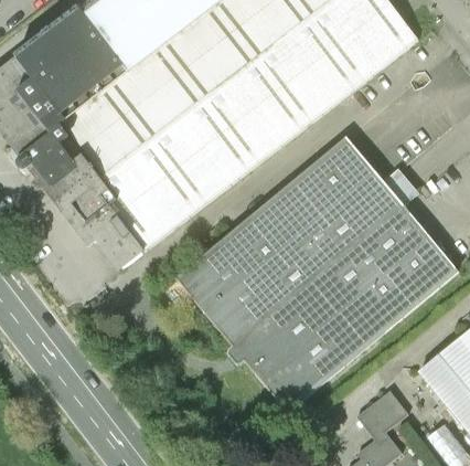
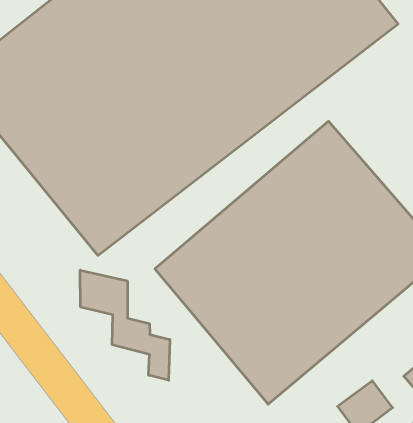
building: none -> [80,270,170,380]

